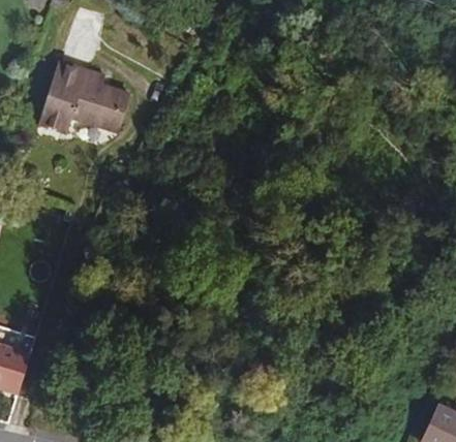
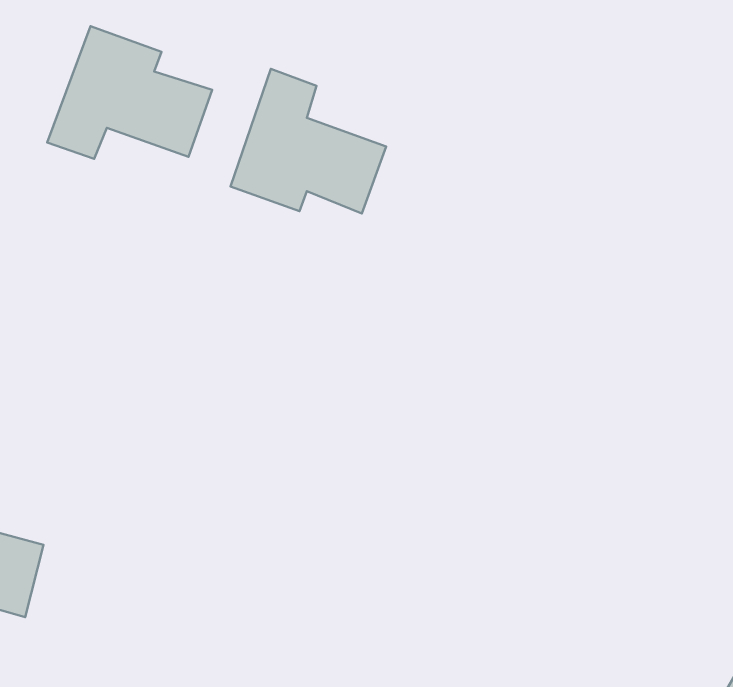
building: none -> [231,69,386,214]

